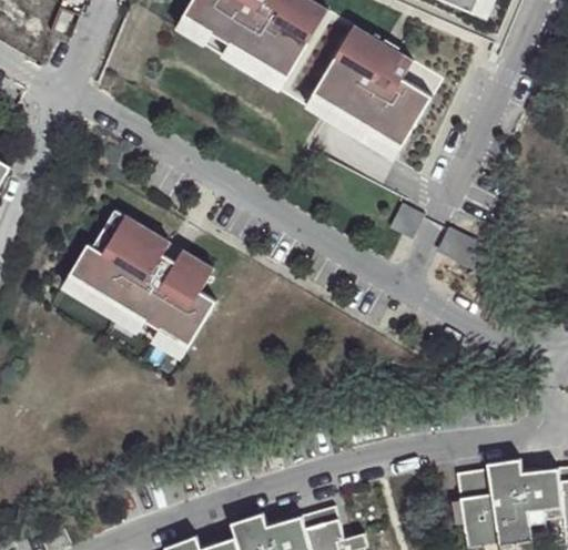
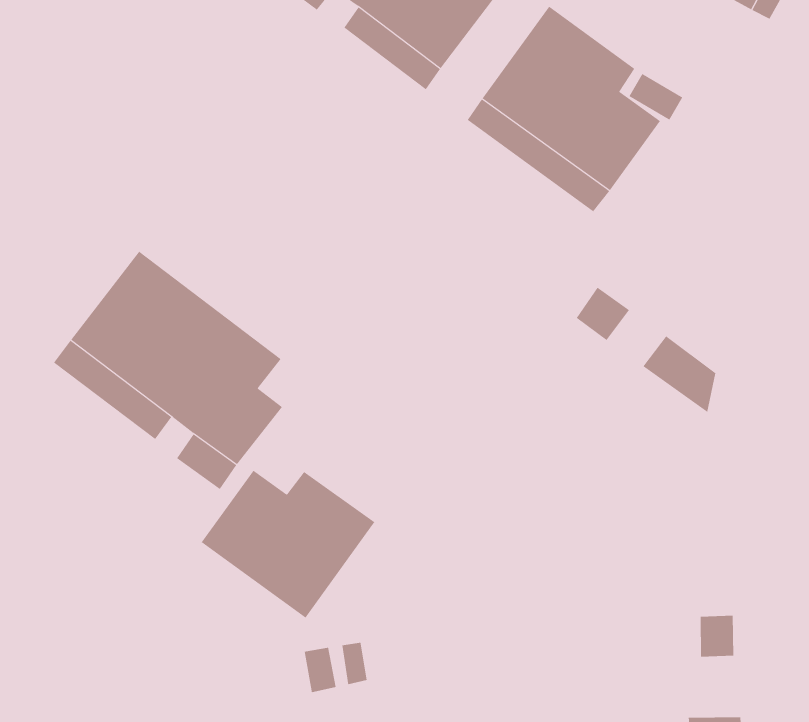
building: none -> [201,470,375,618]

